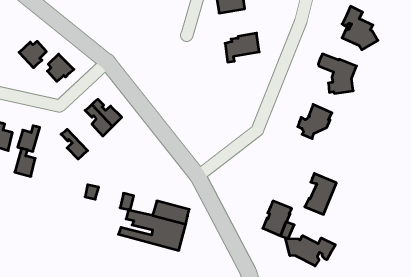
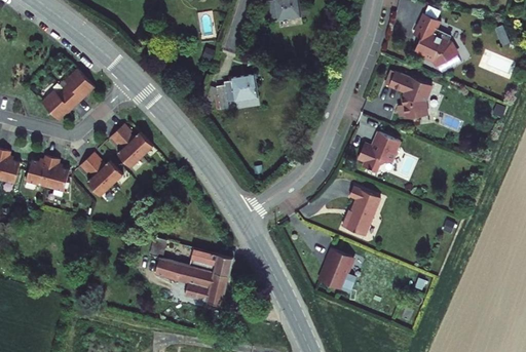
building: [225,33,259,62] -> [214,75,255,110]
building: [19,41,46,68] -> [39,91,72,123]
building: none -> [84,154,120,187]
building: [15,148,35,176] -> [43,159,68,193]
building: [305,173,336,214] -> [342,186,380,235]
building: [286,236,335,266] -> none

